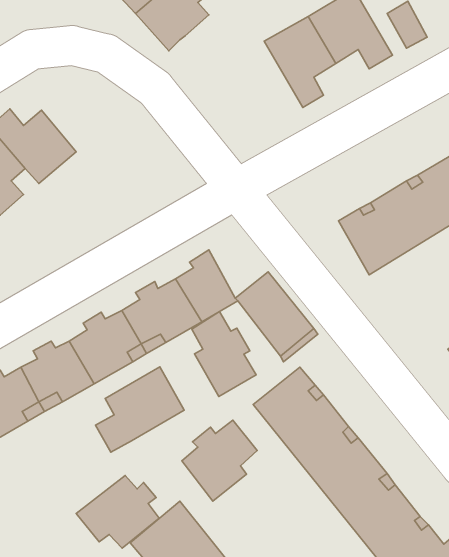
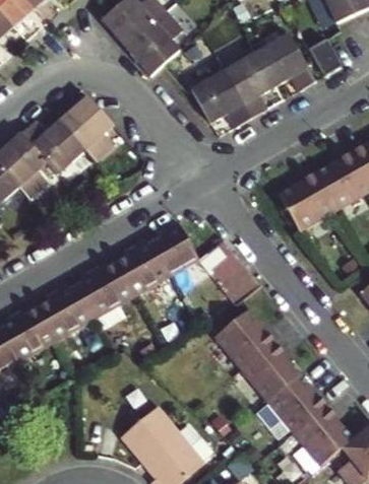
building: none -> [188,68,249,126]
building: none -> [57,94,112,160]
building: [192,311,256,396] -> none
building: [95,367,184,452] -> none
building: [182,420,257,501] -> none
building: [76,475,159,548] -> none

